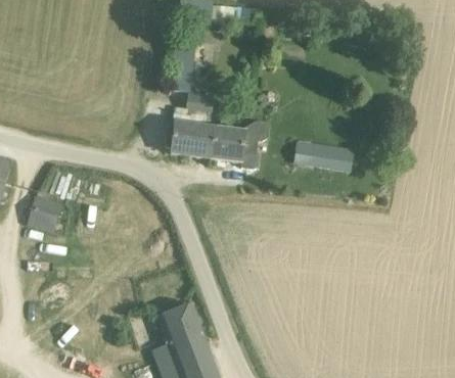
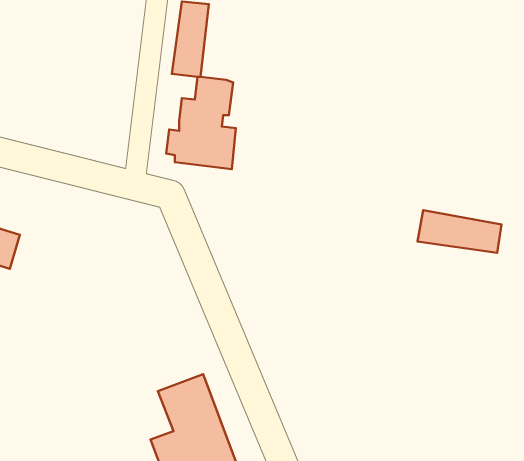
building: [212,122,268,169] -> none
building: [292,140,353,171] -> [418,210,502,253]

